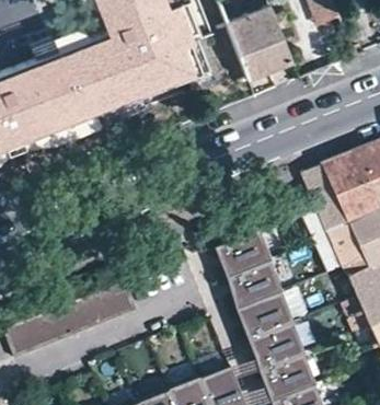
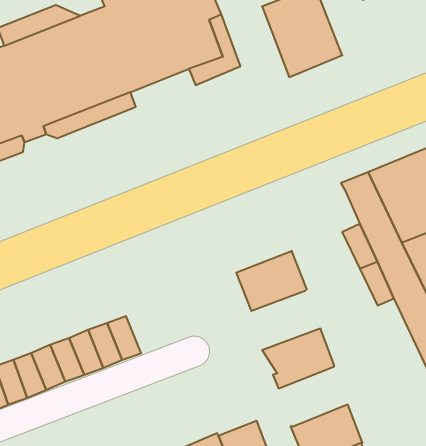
building: [227,261,283,309] -> none
building: [249,322,306,370] -> none

